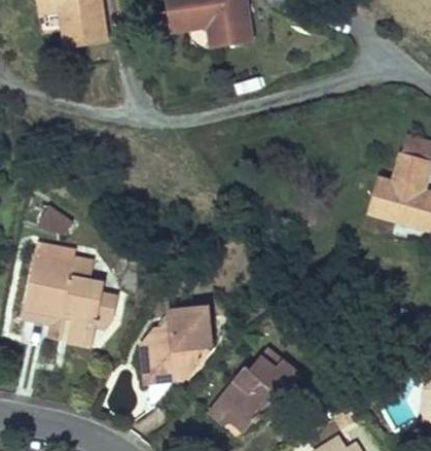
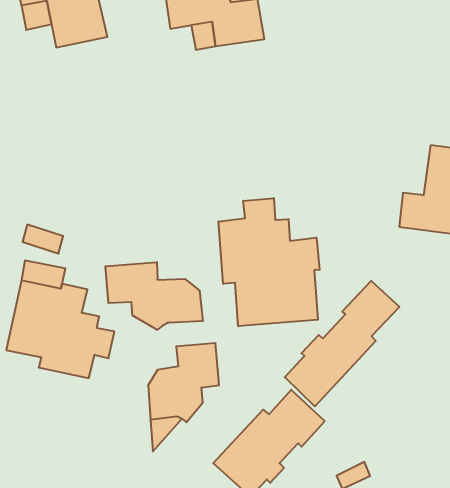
building: none -> [219,198,320,326]
building: none -> [105,262,203,330]
building: none -> [285,281,399,406]

